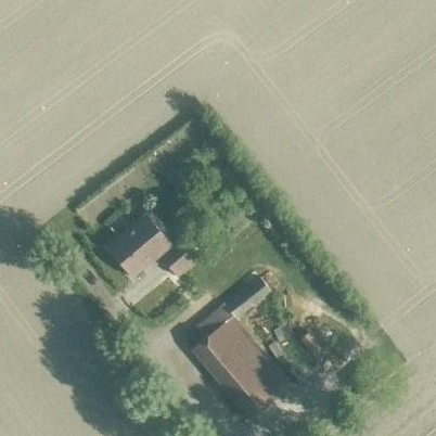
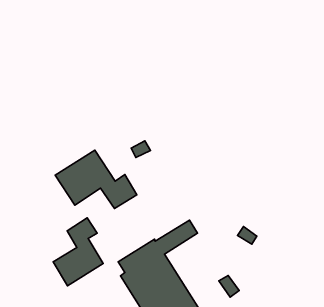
building: none -> [53,218,103,286]

